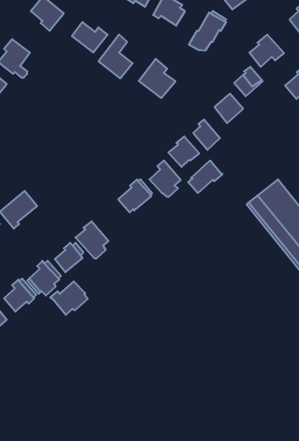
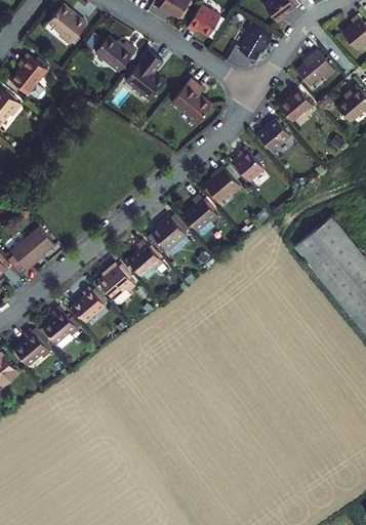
building: [188,161,222,193] -> none
building: none -> [129,240,164,277]
building: [50,281,88,315] -> none

